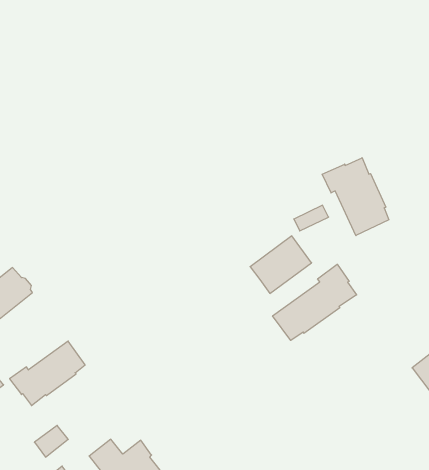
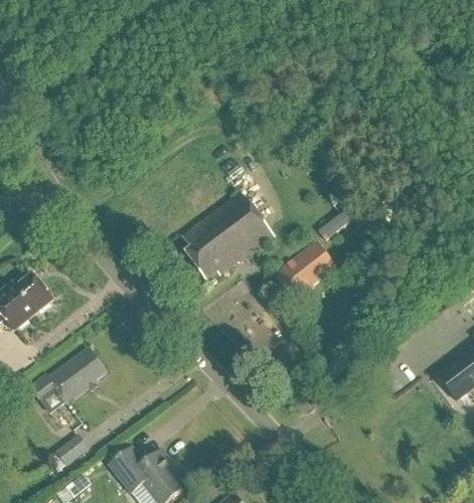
building: [322,158,389,236] -> none
building: none -> [180,190,274,279]
building: [273,264,357,340] -> none

